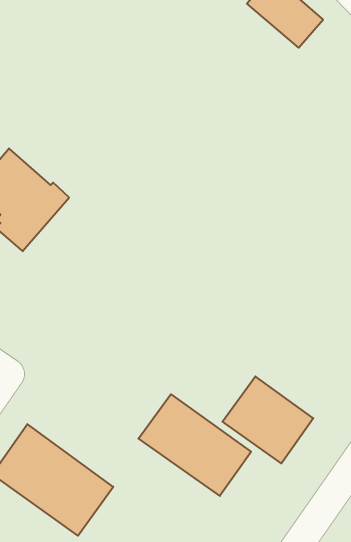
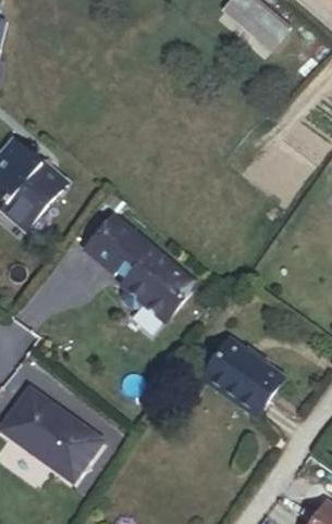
building: none -> [86,214,198,319]
building: [138,394,251,496] -> none

